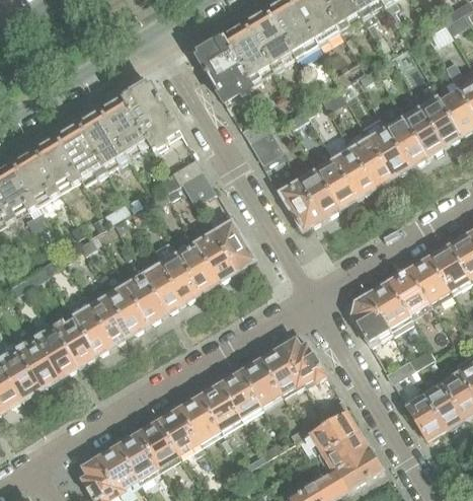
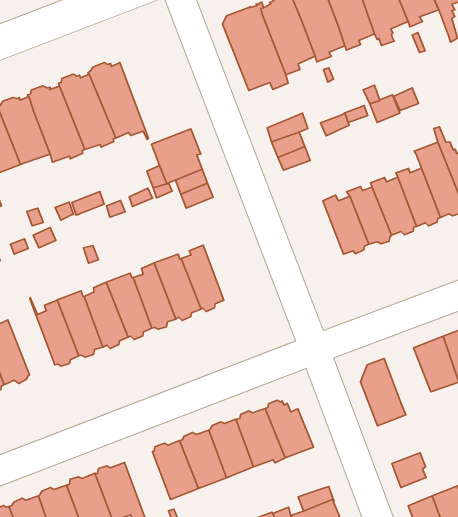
building: [122,82,180,155] -> none
building: [280,180,321,229] -> none
building: [212,219,253,270] -> none
building: [367,281,407,326] -> none
building: [68,295,113,354] -> none
building: [180,397,221,443] -> none

